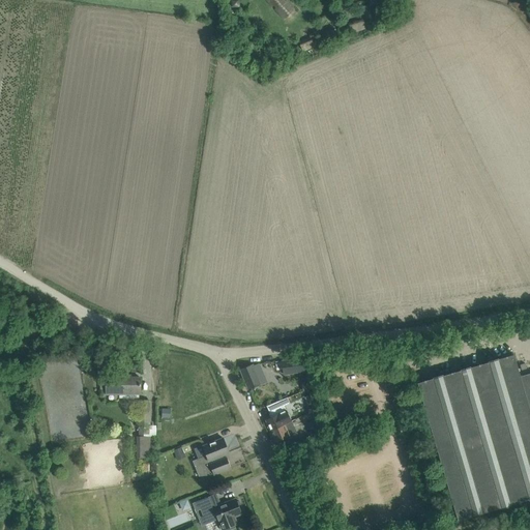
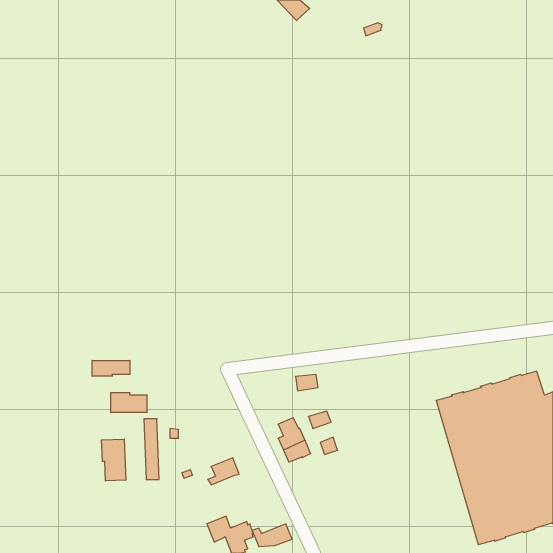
building: none -> [92,360,130,376]
building: [240,364,266,389] -> none
building: none -> [102,439,126,481]
building: [193,454,231,476] -> [252,524,292,547]

